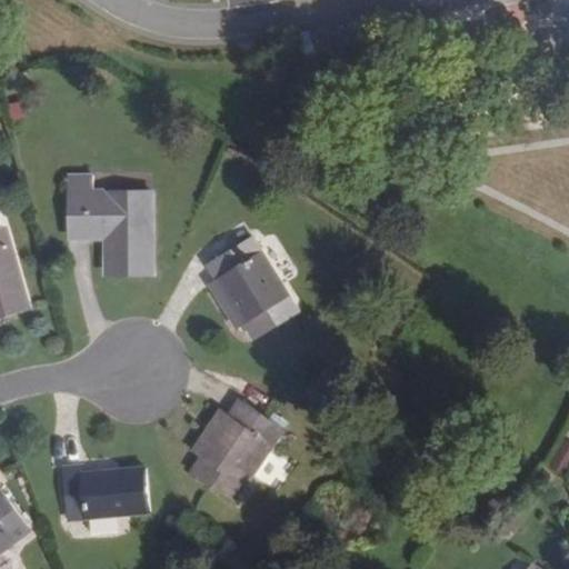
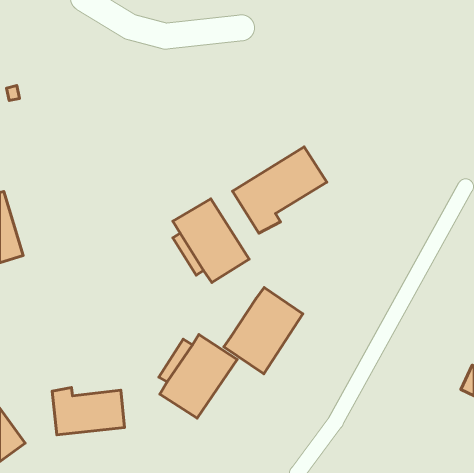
building: none -> [233,147,327,233]
building: [68,190,152,273] -> none
building: none -> [224,287,303,374]

